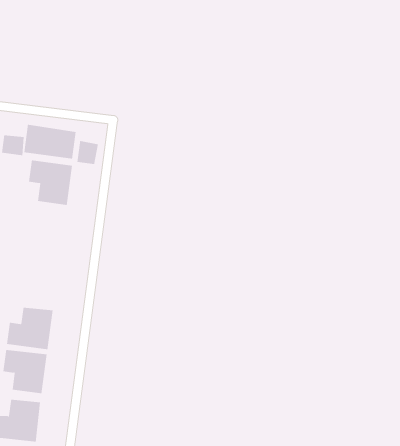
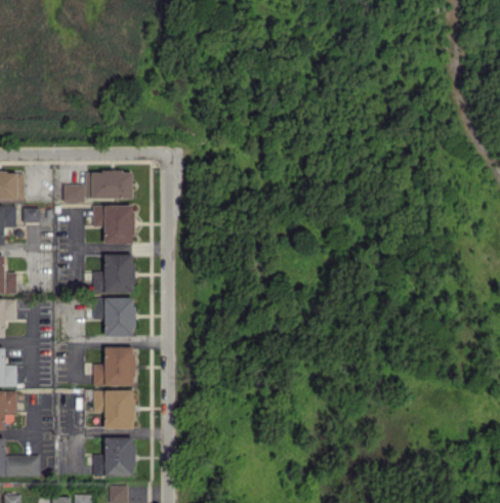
building: [77,140,98,165] -> none
building: none -> [91,255,133,294]
building: none -> [93,298,133,338]

